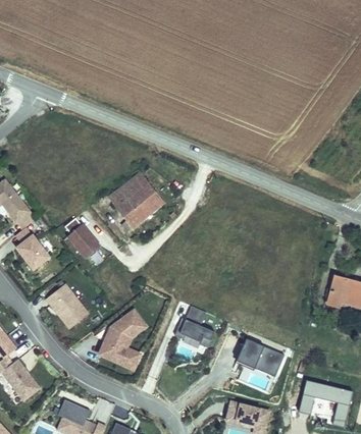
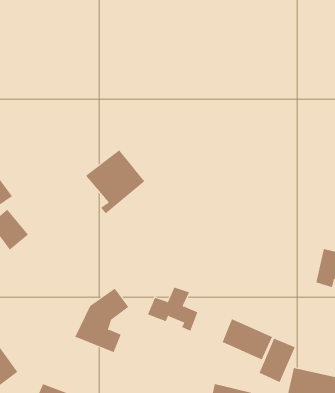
building: [64,228,99,264] -> none
building: [47,282,91,329] -> none
building: none -> [259,338,296,383]

